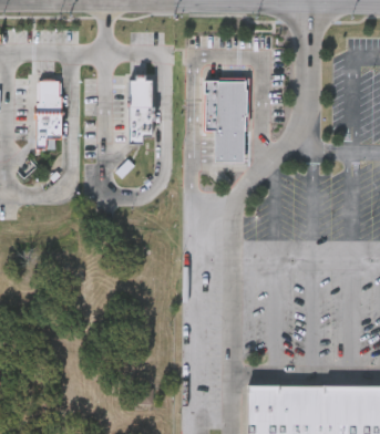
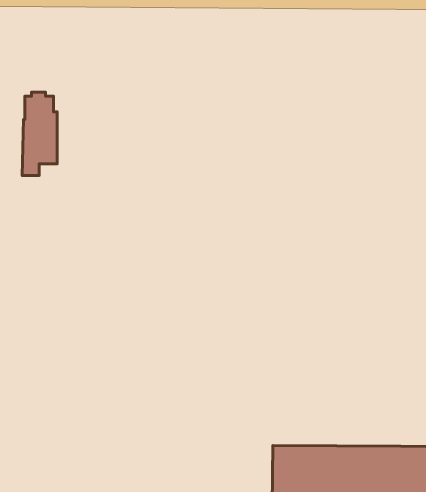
building: [125,80,150,148] -> none
building: [205,80,247,163] -> none

